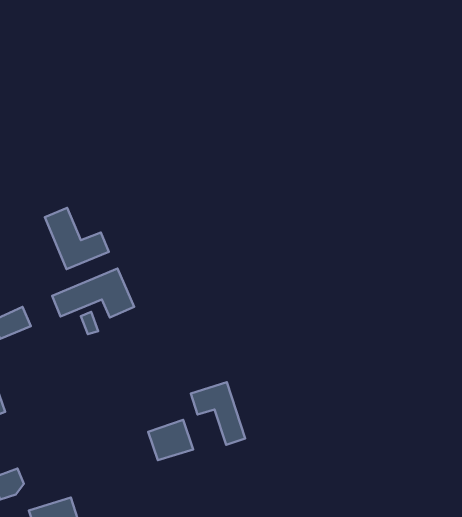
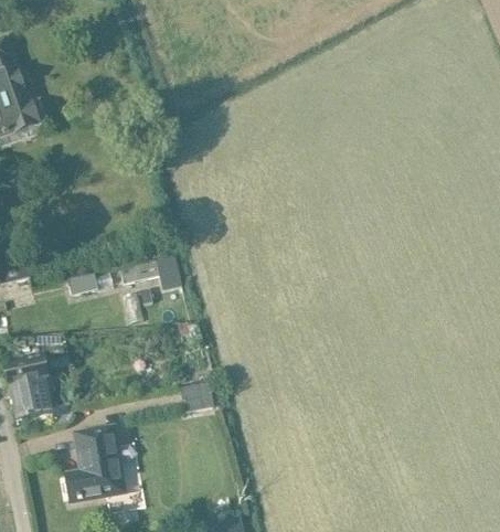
building: [45,208,109,269] -> none
building: [191,382,245,445] -> none

